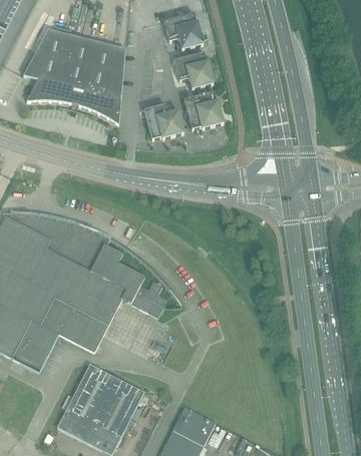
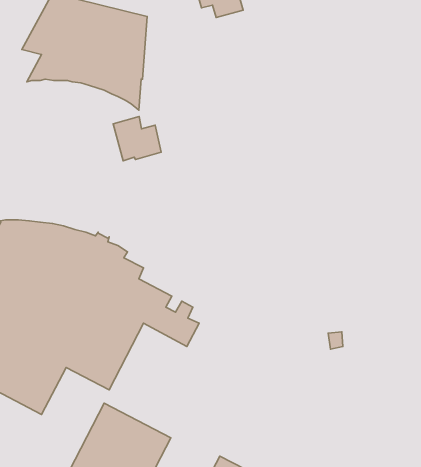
building: [174,52,214,88] -> none
building: [184,91,224,129] -> none
building: [144,103,184,139] -> [113,116,161,161]

